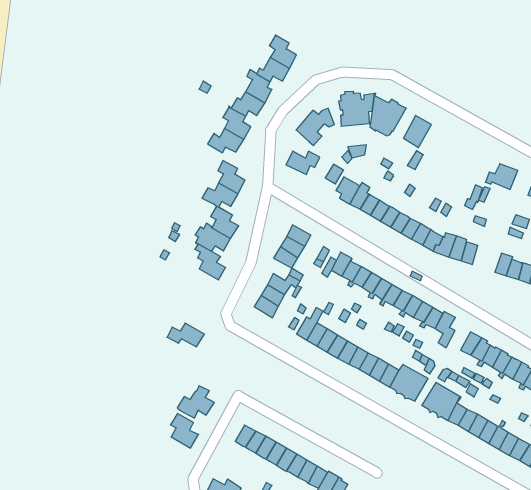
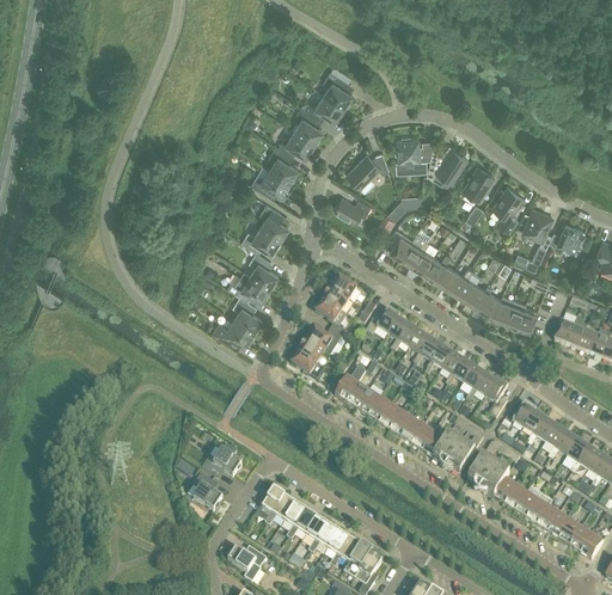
building: none -> [494,185,524,229]
building: none -> [524,207,553,239]
building: [167,323,204,347] -> [214,317,255,343]

